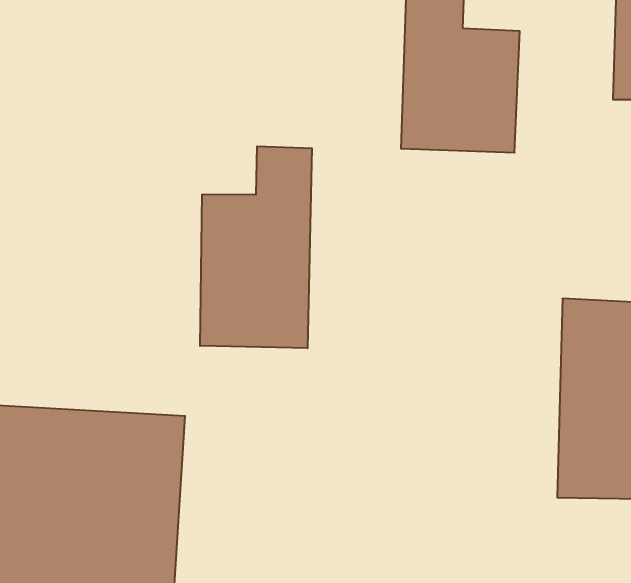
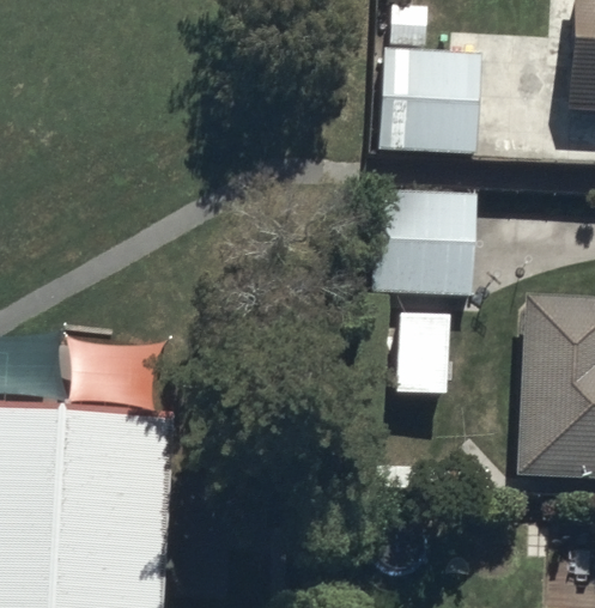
building: [200,146,312,348] -> none
building: none -> [368,189,473,303]

